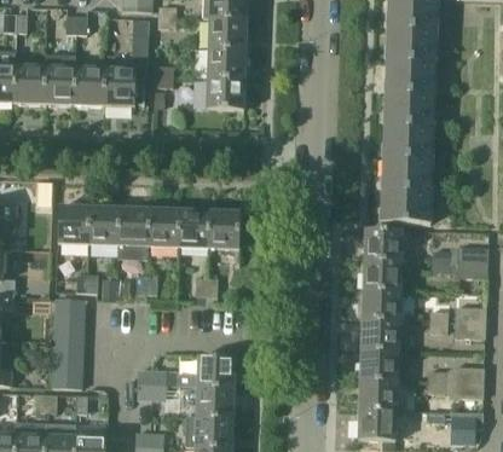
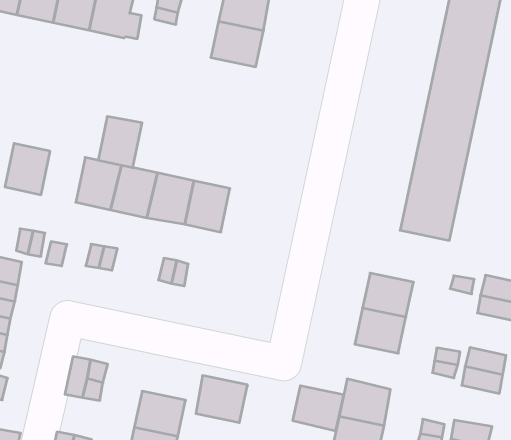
building: [88,207,118,244] -> [98,117,142,168]
building: [364,228,401,261] -> none
building: [360,319,398,350] -> [293,386,344,431]
building: [197,355,235,388] -> [196,376,247,423]

